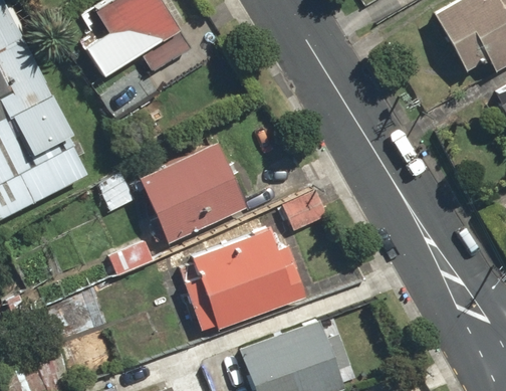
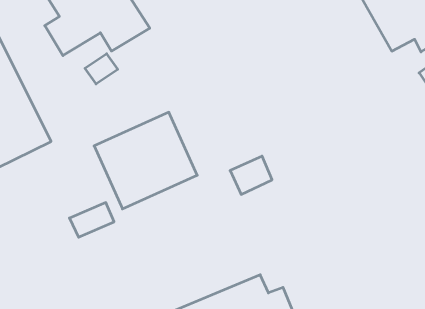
building: [176,223,311,333] -> none

